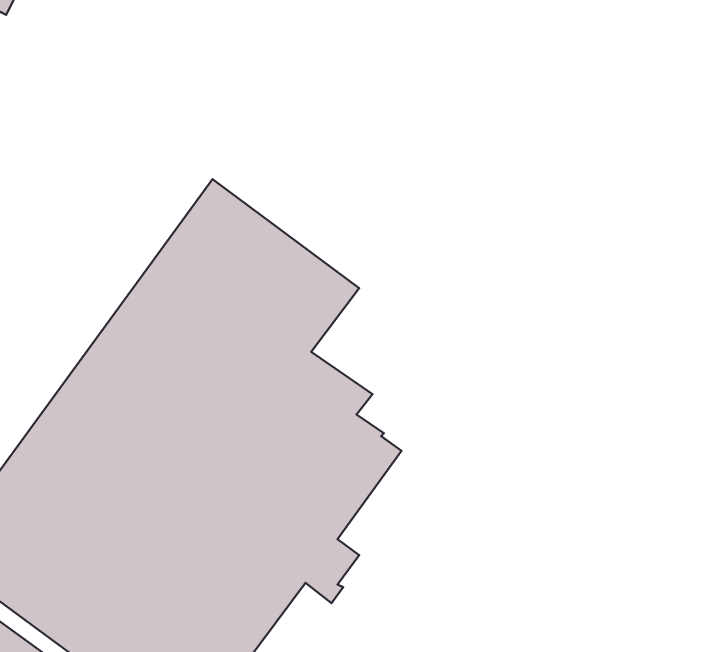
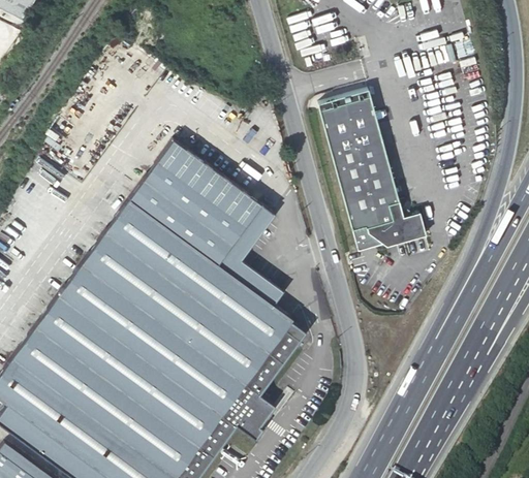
building: none -> [317,91,425,252]

